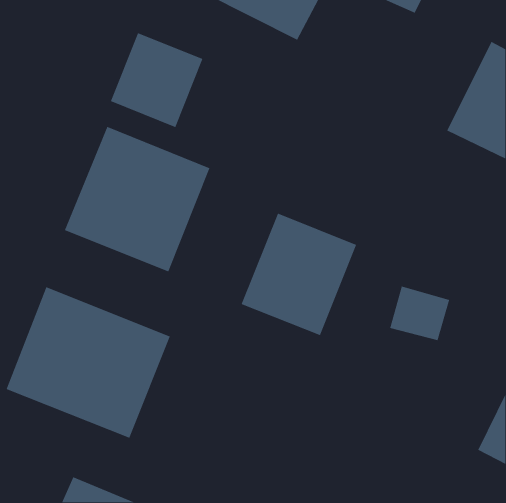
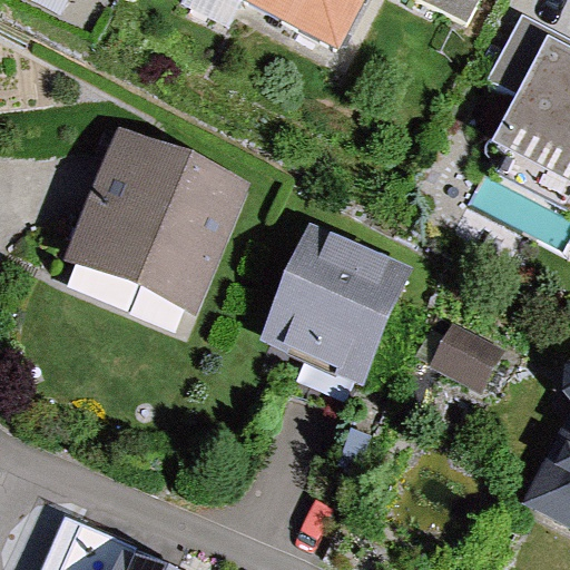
building: [110,32,204,128] -> none
building: [6,286,171,439] -> none

